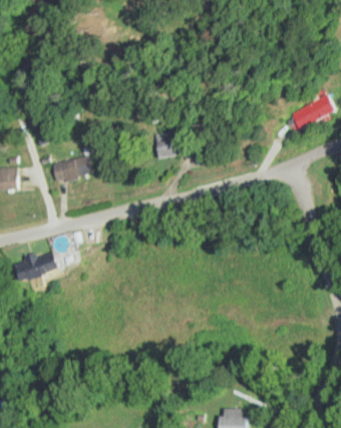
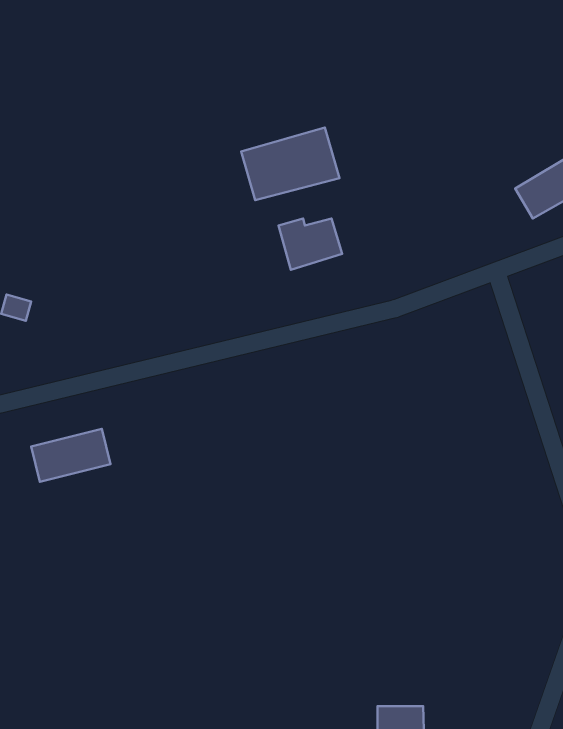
building: none -> [241,128,339,200]
building: [56,155,95,181] -> none

